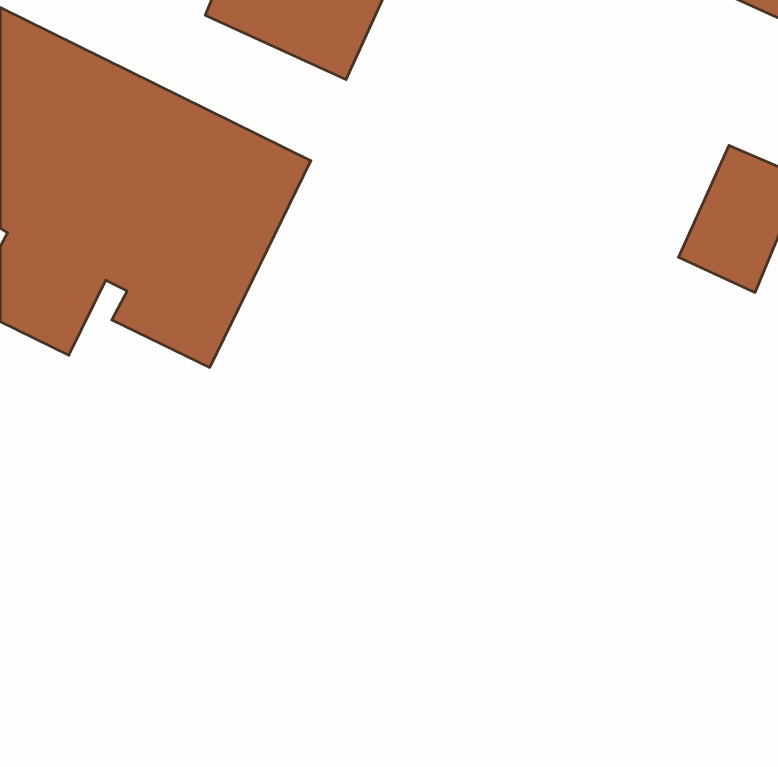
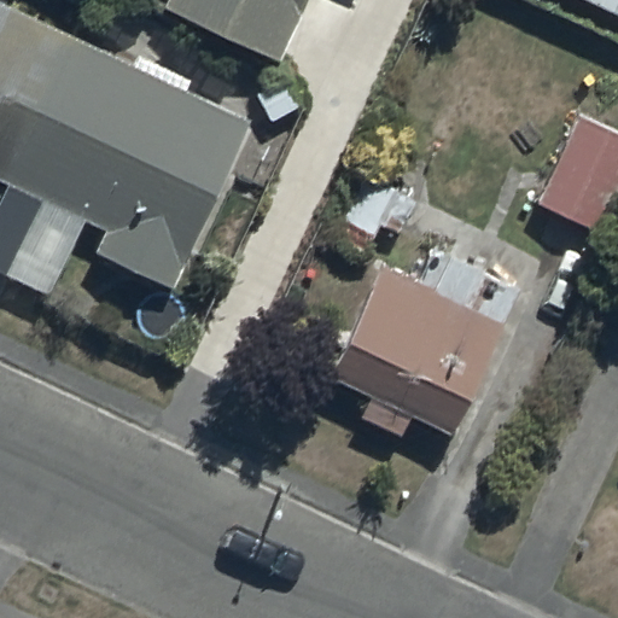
building: none -> [331,258,520,435]

